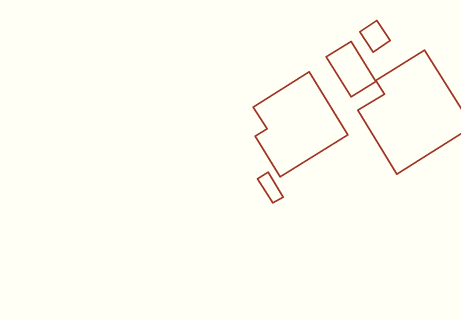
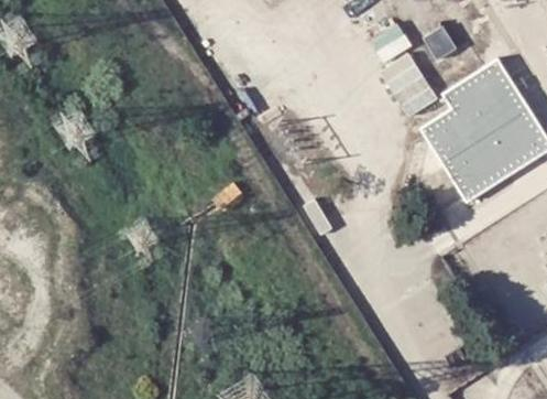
building: [253,72,348,177] -> none

